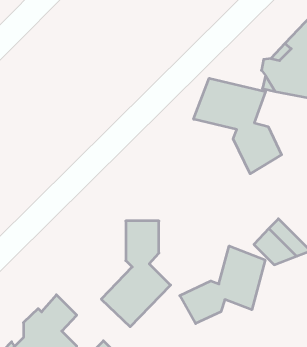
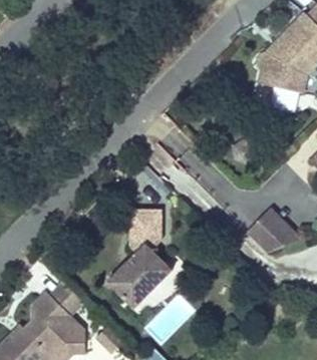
building: [194,78,282,174] -> none
building: [180,246,265,324] -> none

